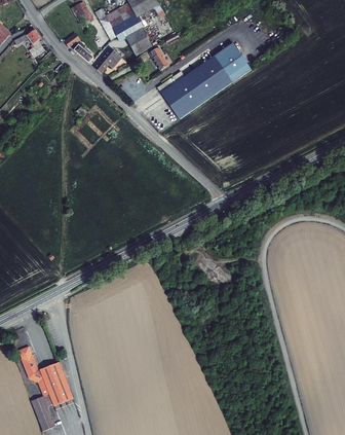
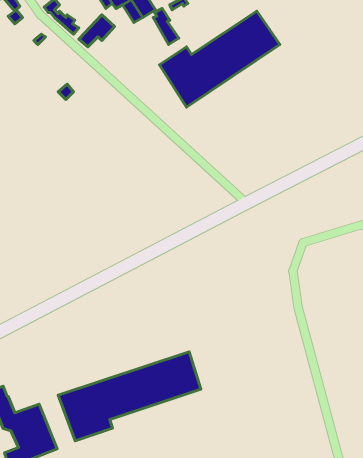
building: none -> [58,352,201,441]

